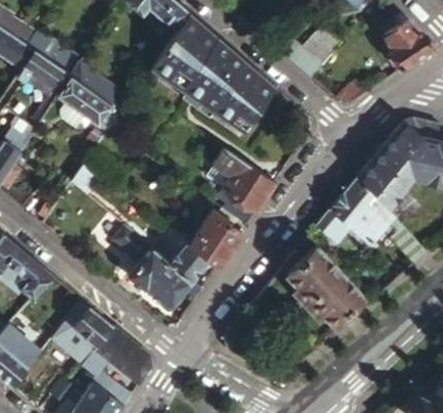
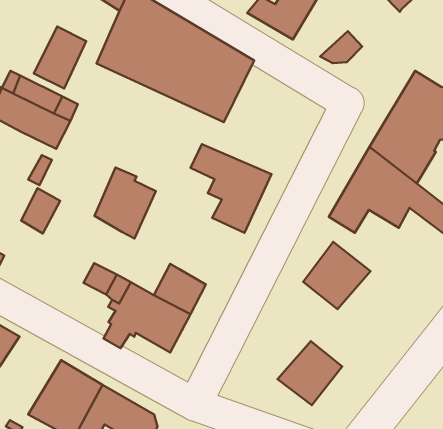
building: none -> [34,27,86,89]
building: [189,209,241,268] -> [95,167,156,239]
building: [309,273,362,324] -> [278,341,342,405]

